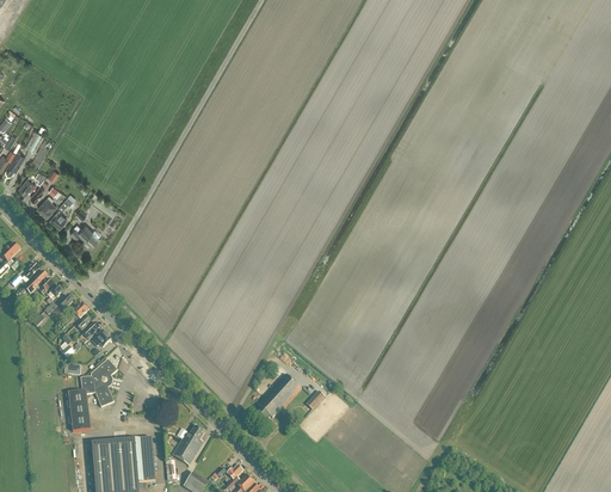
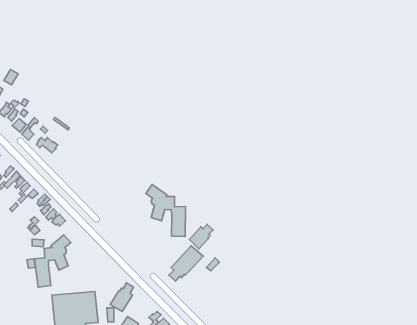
building: none -> [146,184,186,237]
building: none -> [189,225,213,249]

